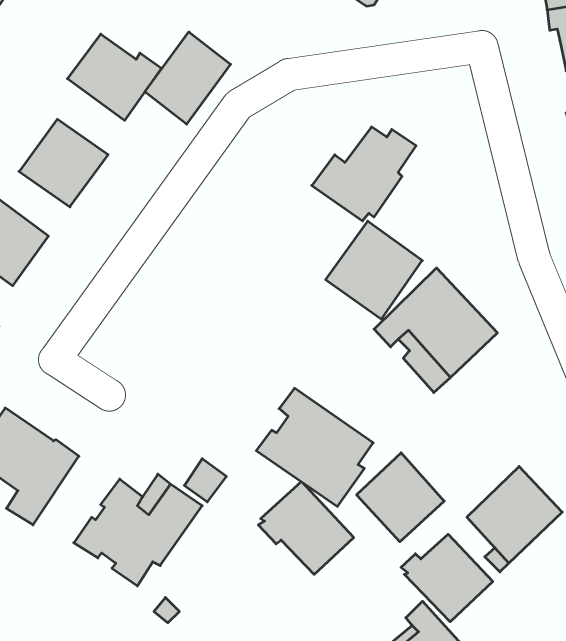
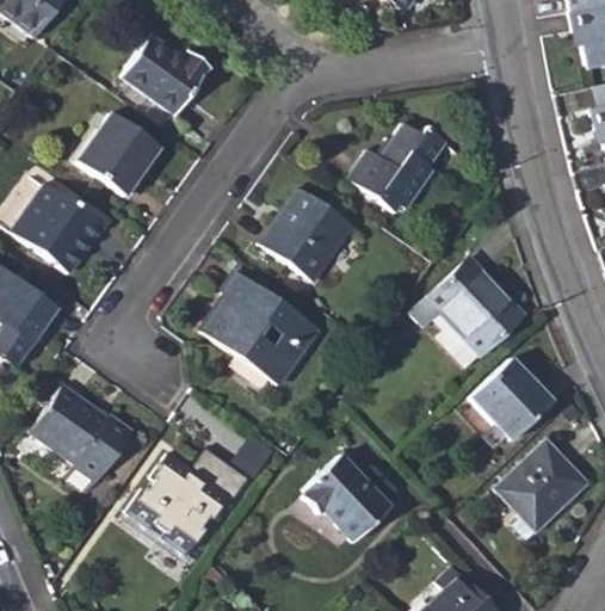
building: [145,32,231,124] -> none
building: [326,221,422,319] -> [261,187,352,279]
building: [256,388,373,506] -> [200,271,310,382]
building: [357,453,444,542] -> [470,357,552,440]
building: [401,534,493,622] -> none

